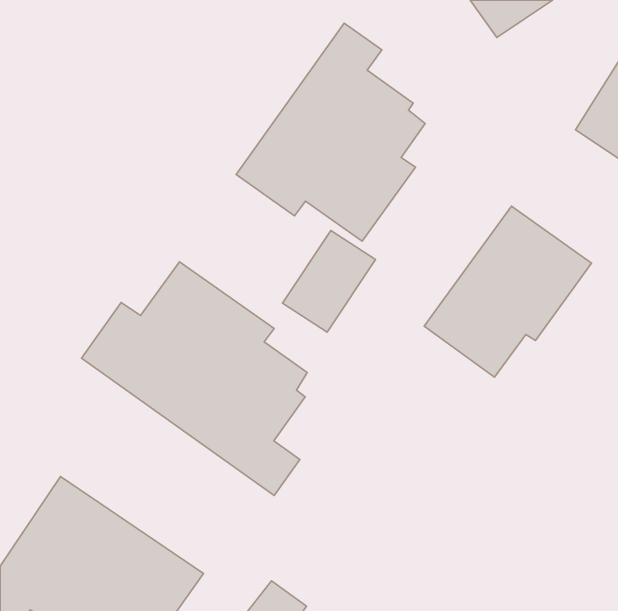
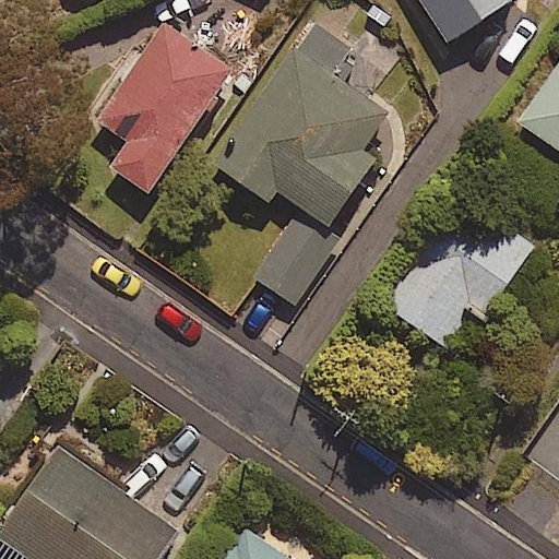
building: none -> [97,24,231,194]
building: [82,262,307,495] -> none

